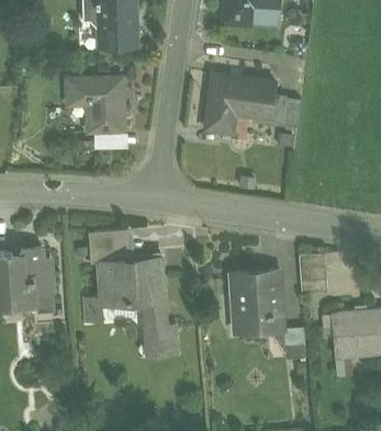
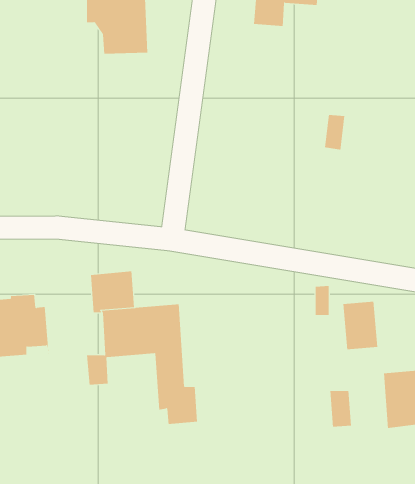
building: [208,76,276,132] -> none
building: [67,78,123,131] -> none
building: [231,270,283,332] -> none

